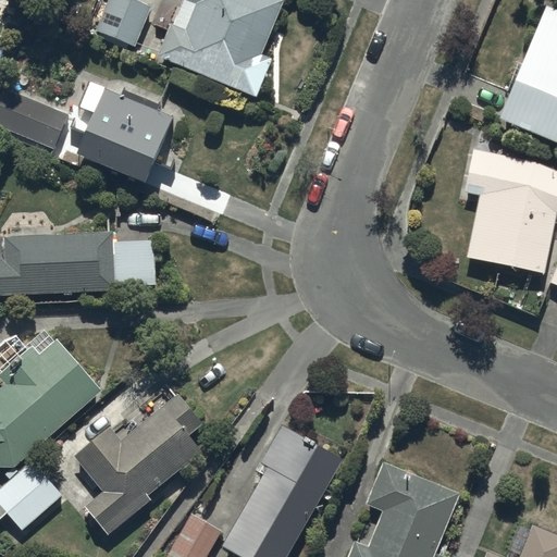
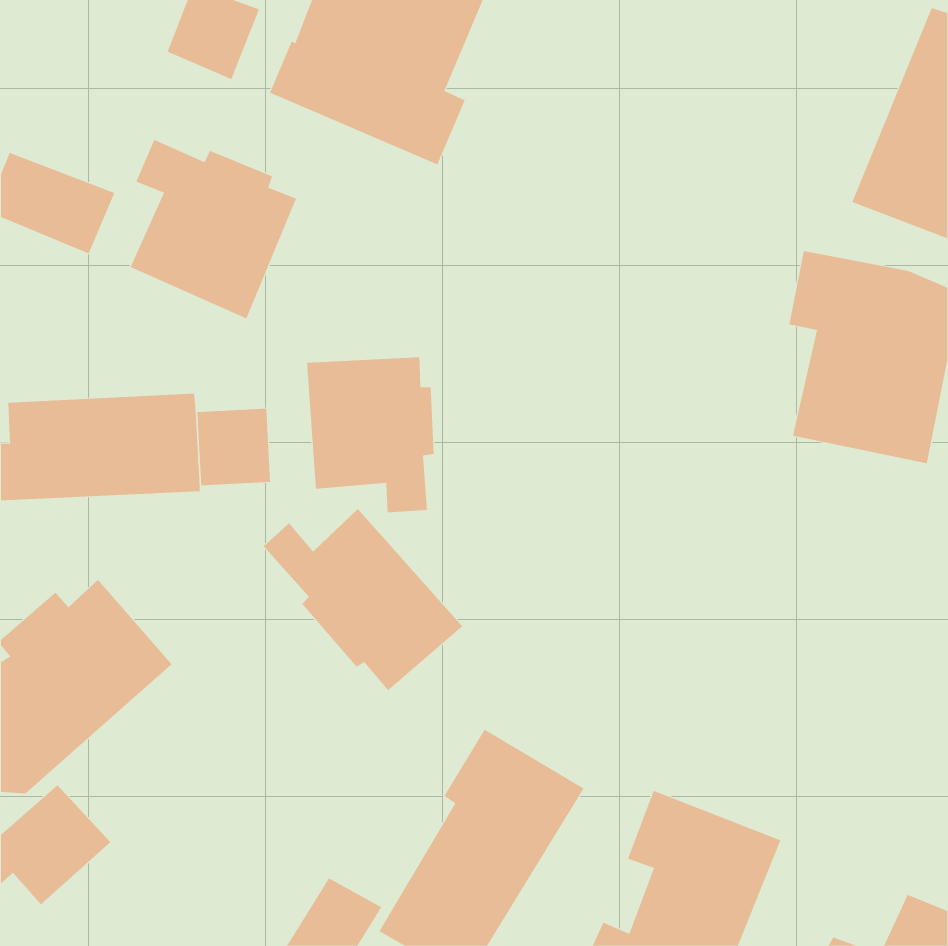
building: none -> [306,356,434,513]
building: none -> [263,508,463,691]
building: [74,393,203,535] -> none

